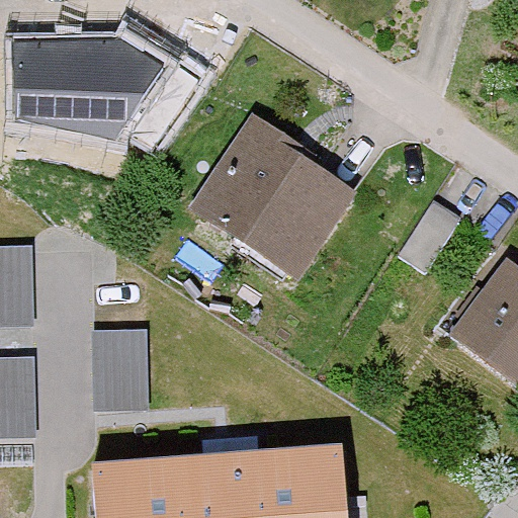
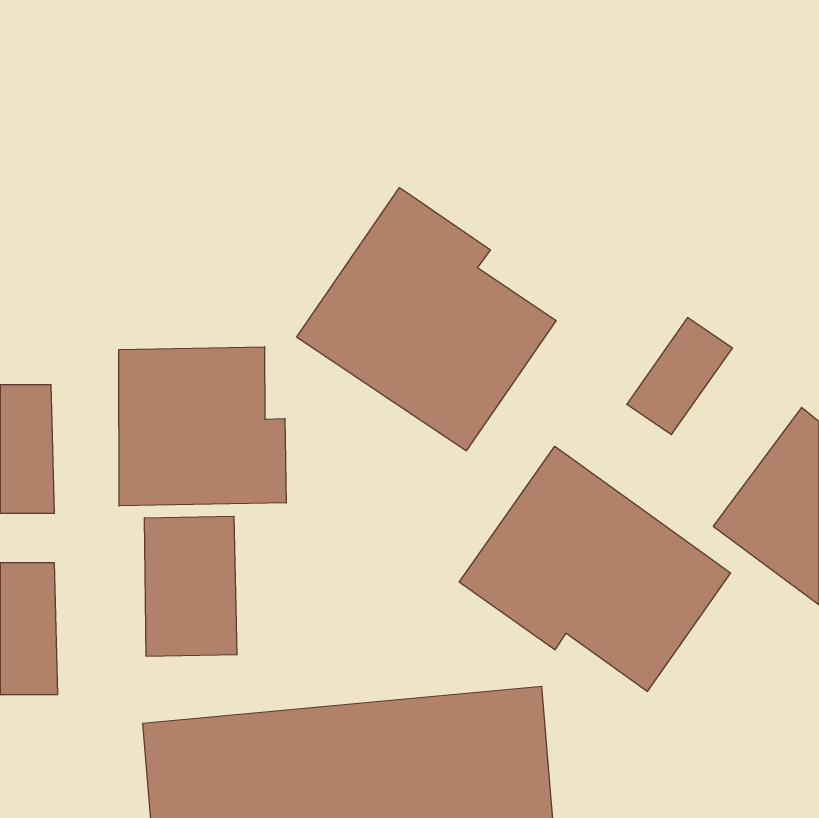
building: [14,36,167,142] -> none
building: none -> [119,347,286,506]
building: none -> [459,446,730,692]

